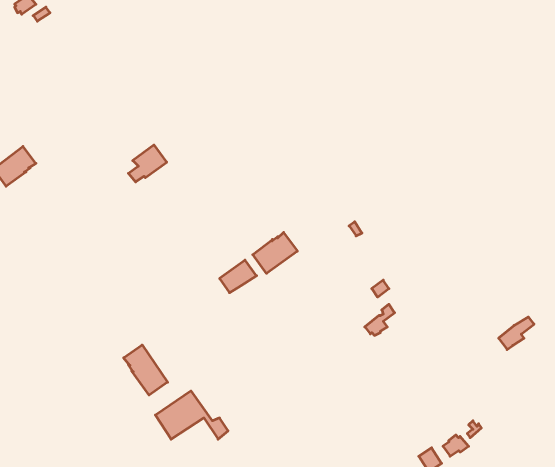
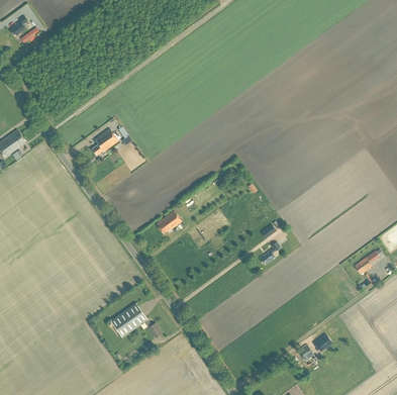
building: [253,232,297,273] -> none
building: [124,345,168,395] -> none

